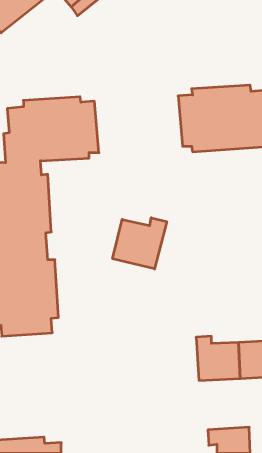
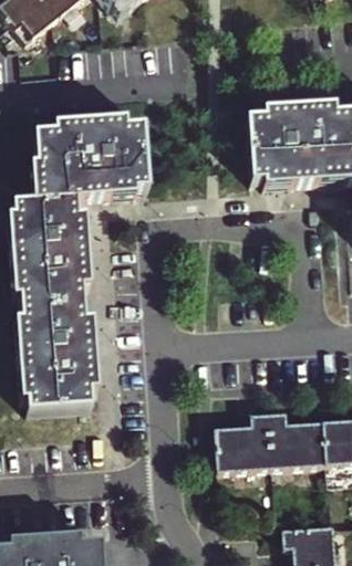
building: [113,218,167,269] -> none
building: none -> [216,416,273,472]

